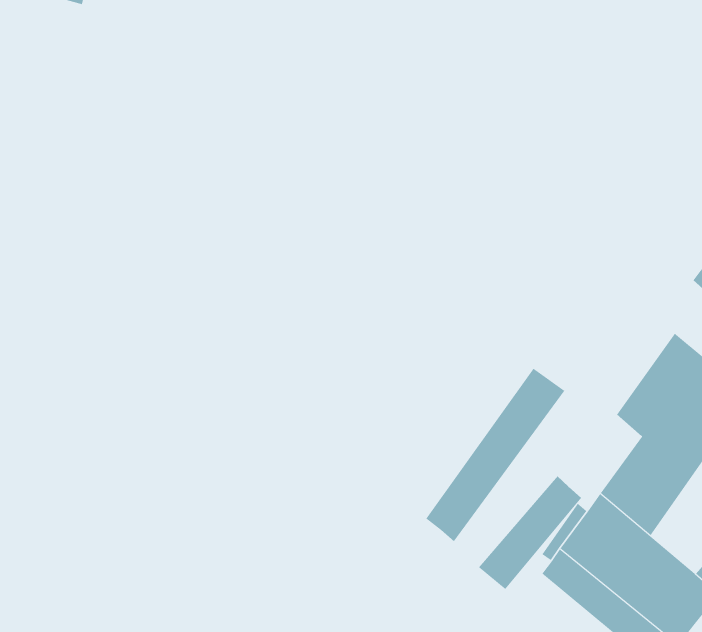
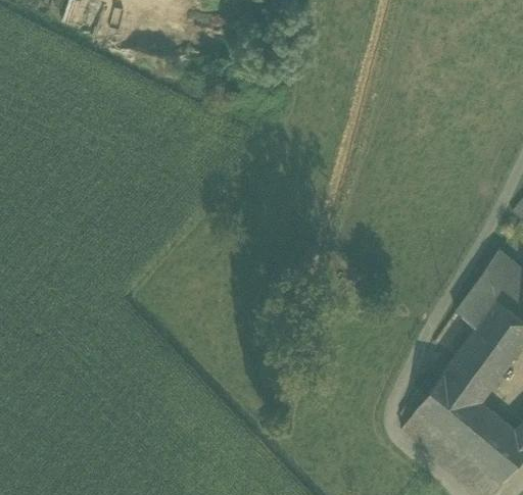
building: [426,368,565,542] -> none
building: [478,475,582,590] -> none

